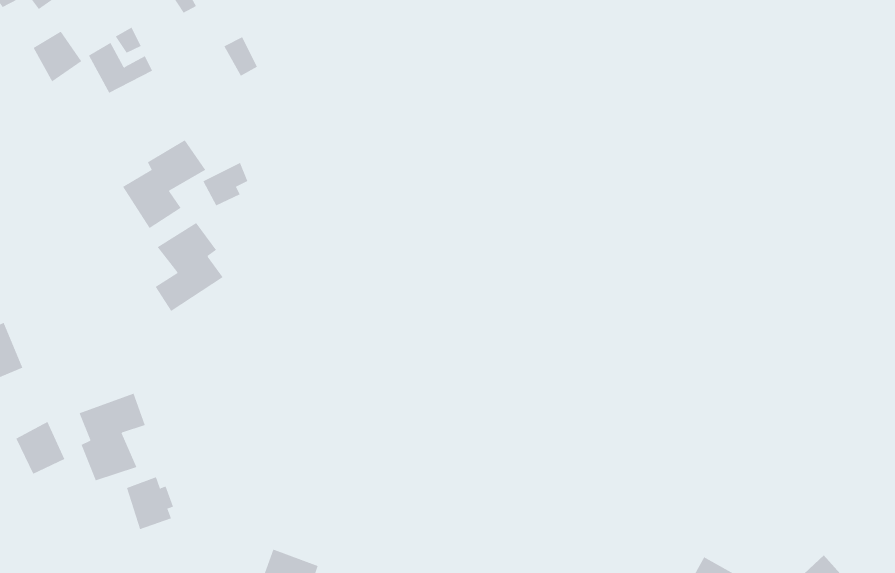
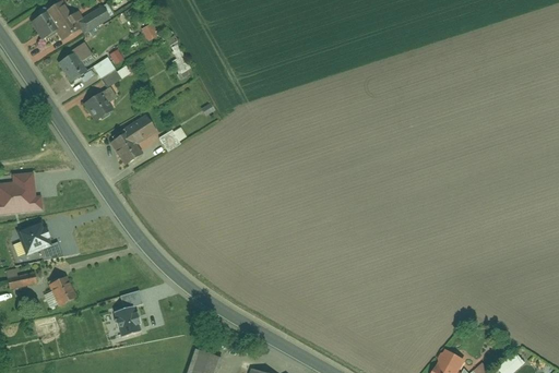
building: none -> [85,91,116,120]
building: [155,222,224,312] -> none
building: [79,393,145,481] -> none

